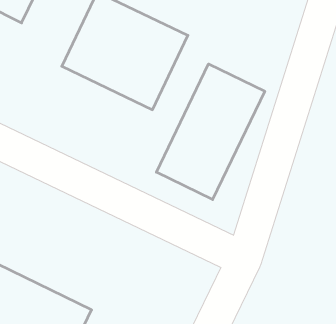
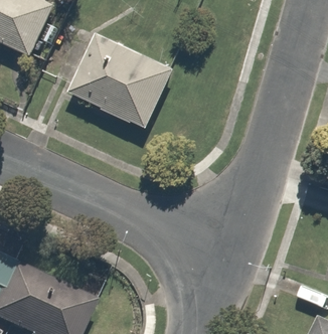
building: [156,64,265,200] -> none

